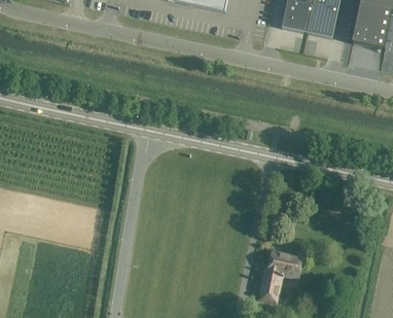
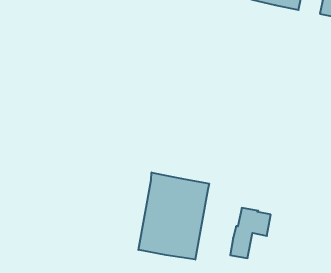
building: none -> [138,172,209,260]

